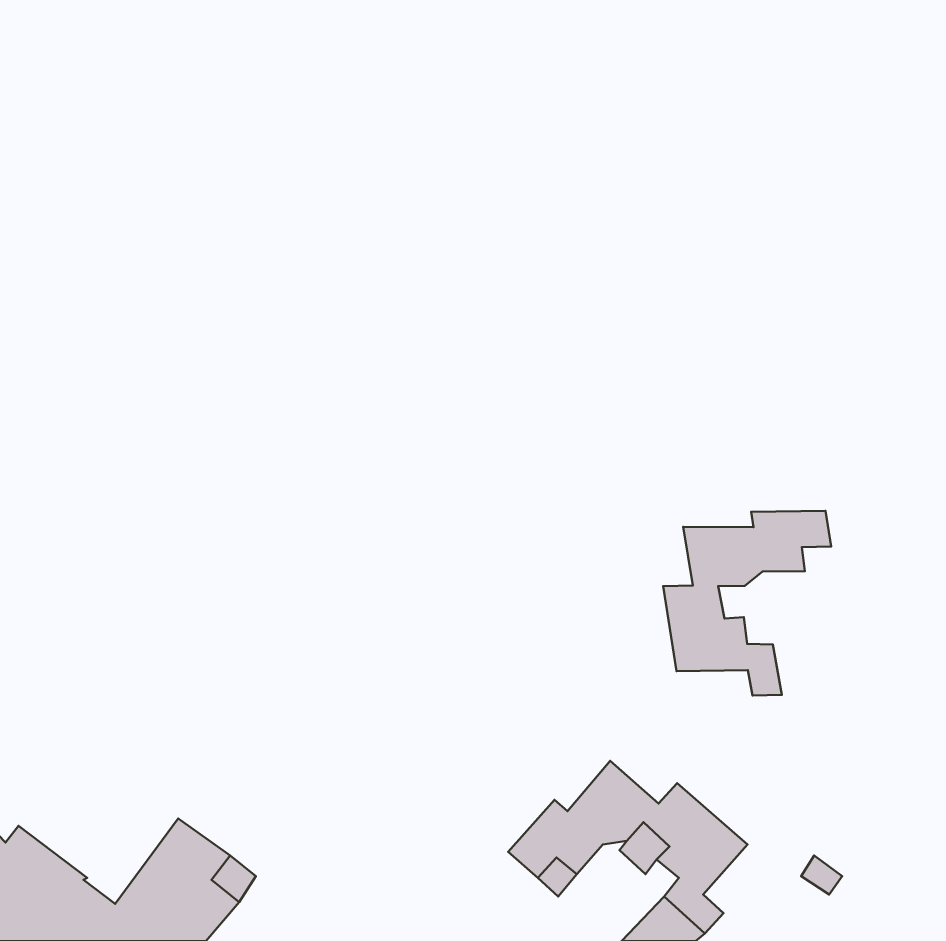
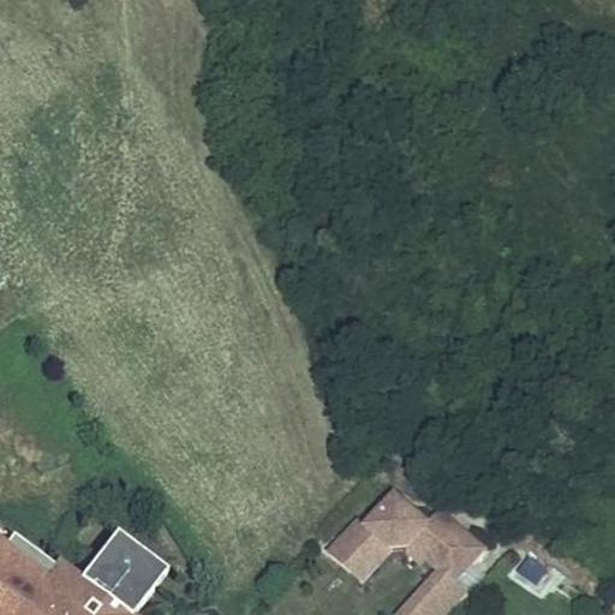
building: [663,511,831,695] -> none

